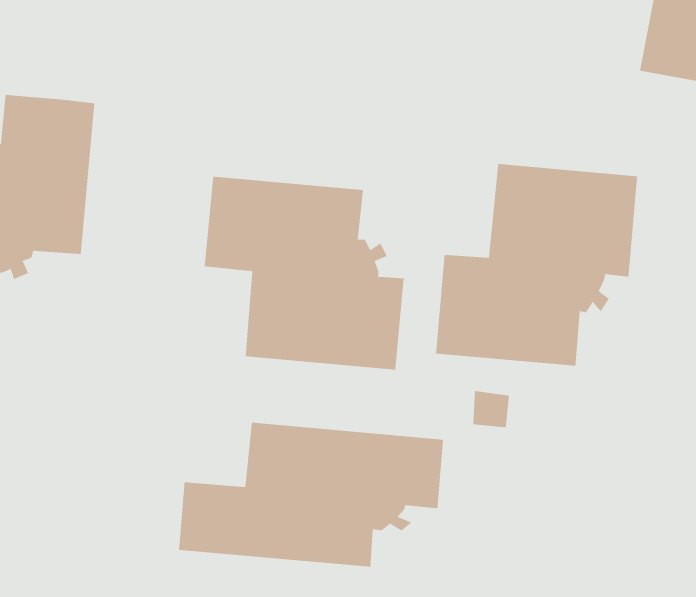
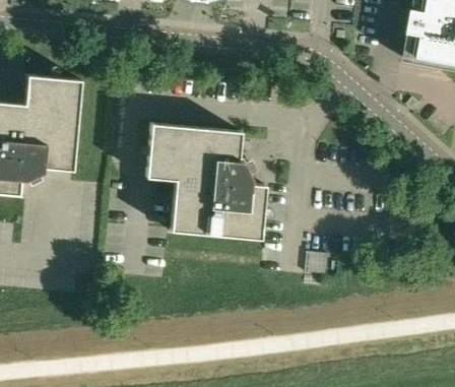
building: [436,163,638,367] -> none
building: [178,422,444,568] -> none

